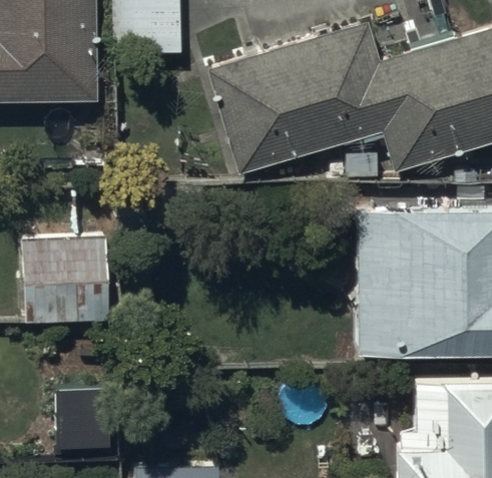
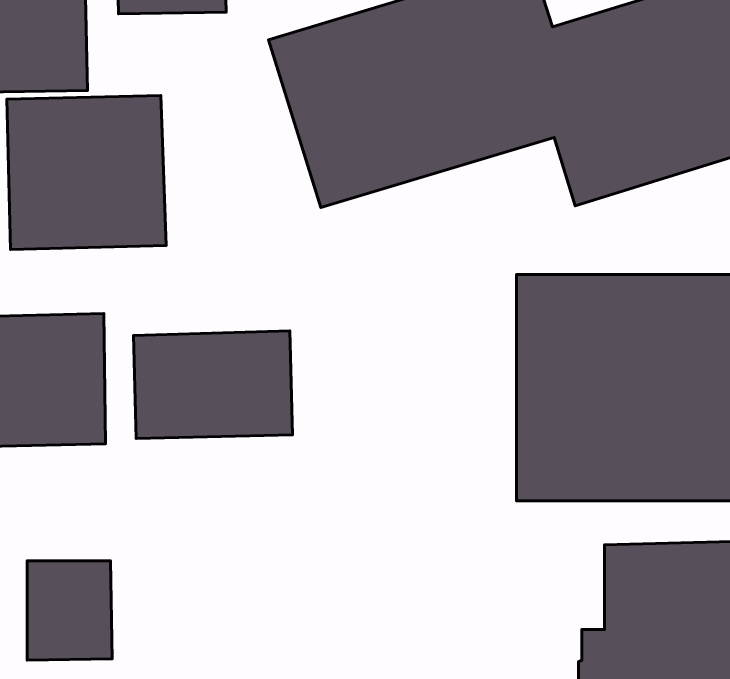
building: none -> [7,96,166,249]
building: none -> [134,331,292,438]

